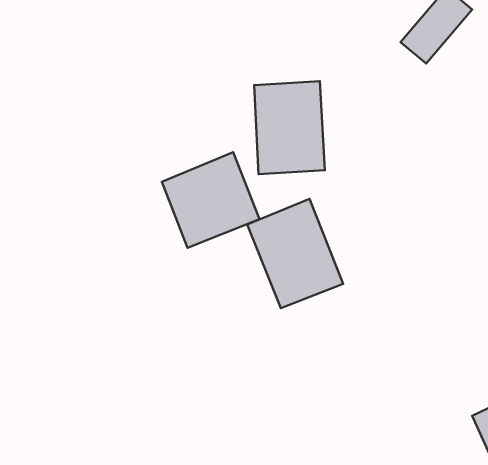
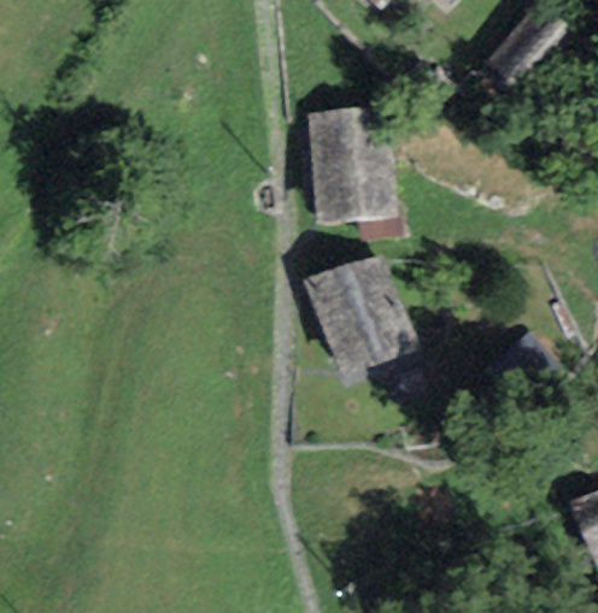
building: [162,152,259,248] -> none

